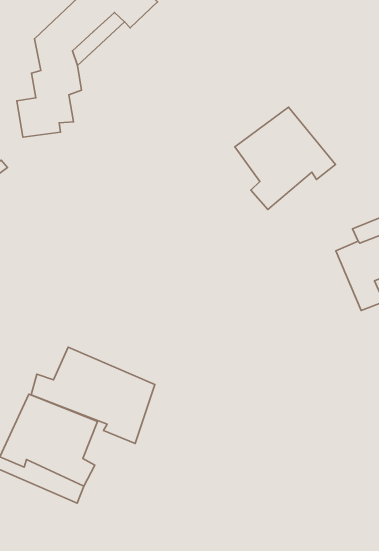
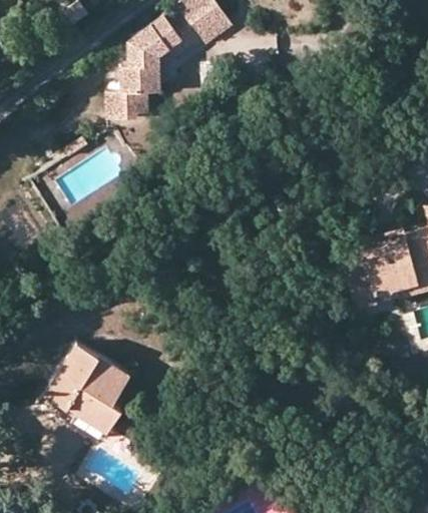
building: [235,107,336,209] -> none
building: [31,347,155,444] -> none

